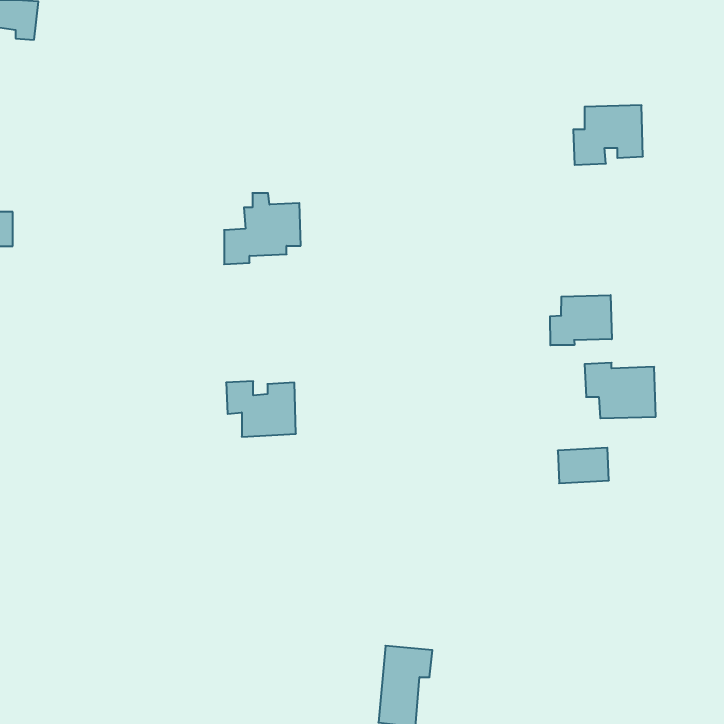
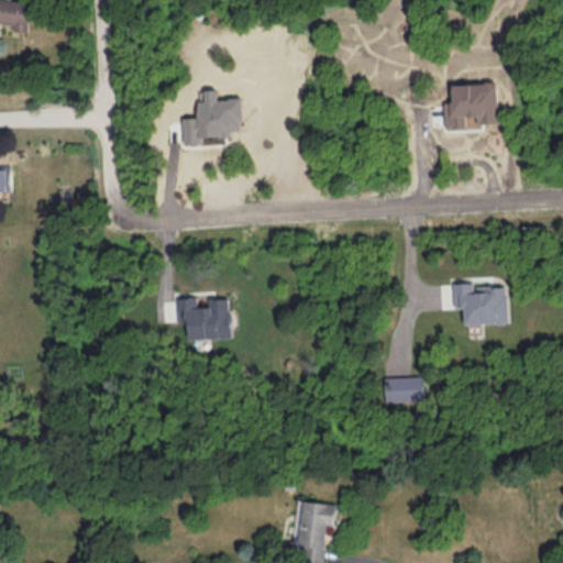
building: [224,193,301,264] -> [181,90,241,145]
building: [550,295,612,345] -> none
building: [558,448,609,483] -> [383,376,422,404]

